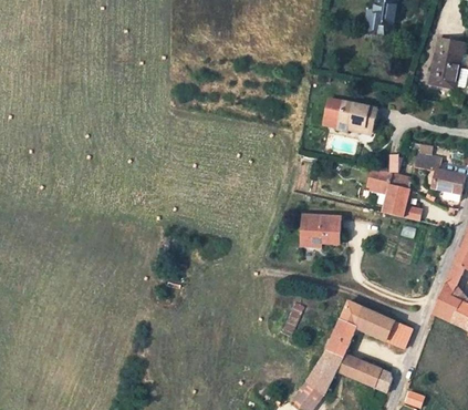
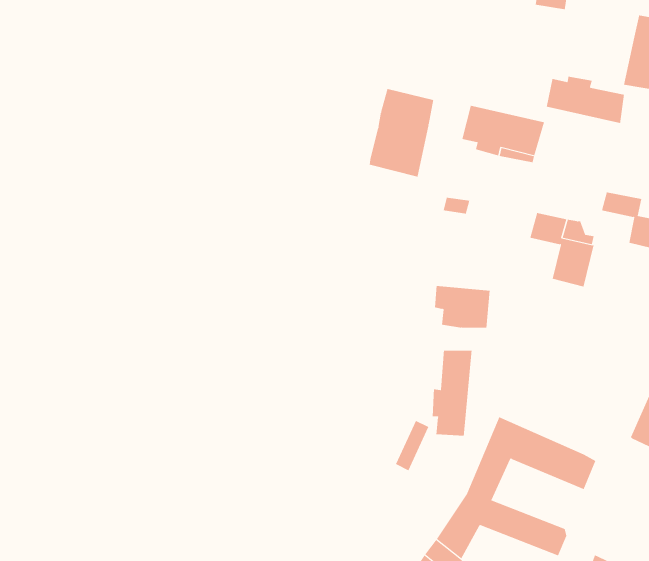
building: none -> [546,76,625,124]
building: none -> [369,88,434,177]
building: none -> [432,350,472,437]

